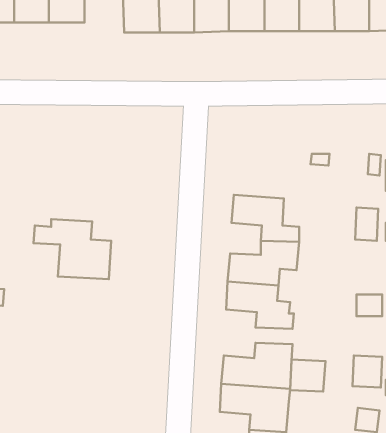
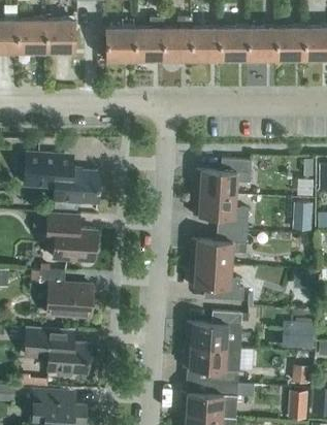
building: none -> [24,153,99,202]
building: none -> [195,159,252,195]
building: none -> [39,269,93,317]
building: [290,360,325,392] -> none
building: none -> [23,326,89,378]

